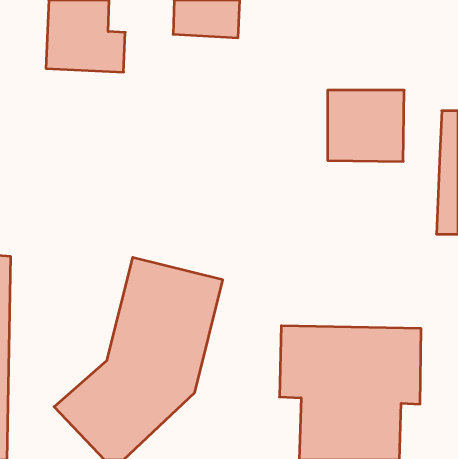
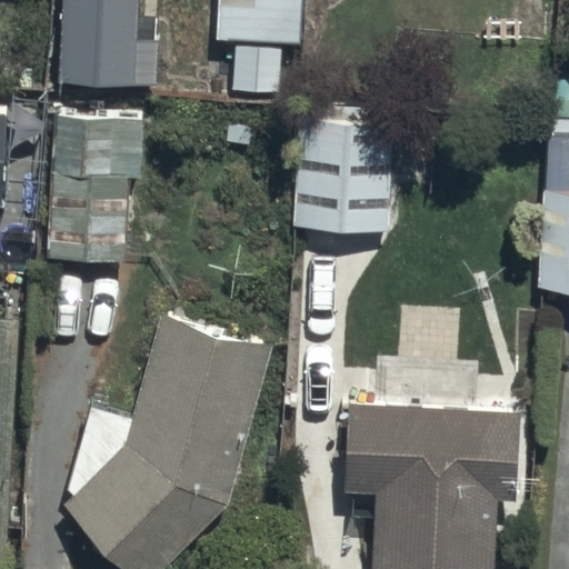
building: none -> [46,109,144,262]
building: [328,90,404,161] -> [295,142,389,230]

